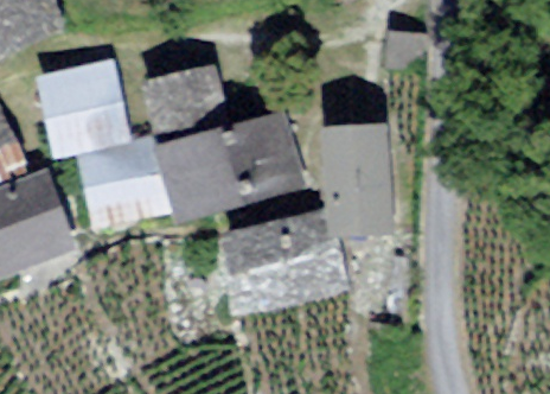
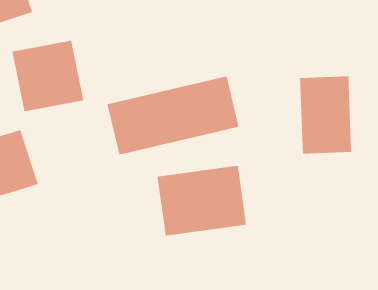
building: [148,62,248,134] -> none
building: [324,128,390,228] -> [299,76,352,155]
building: [83,146,162,228] -> none

